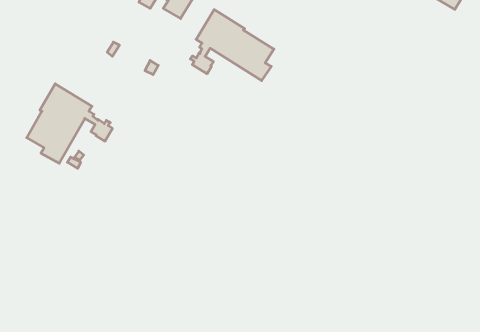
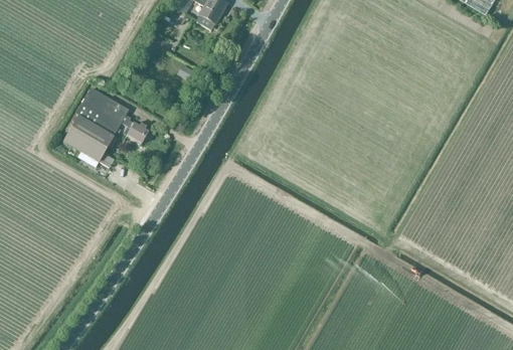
building: [190,10,274,81] -> none

